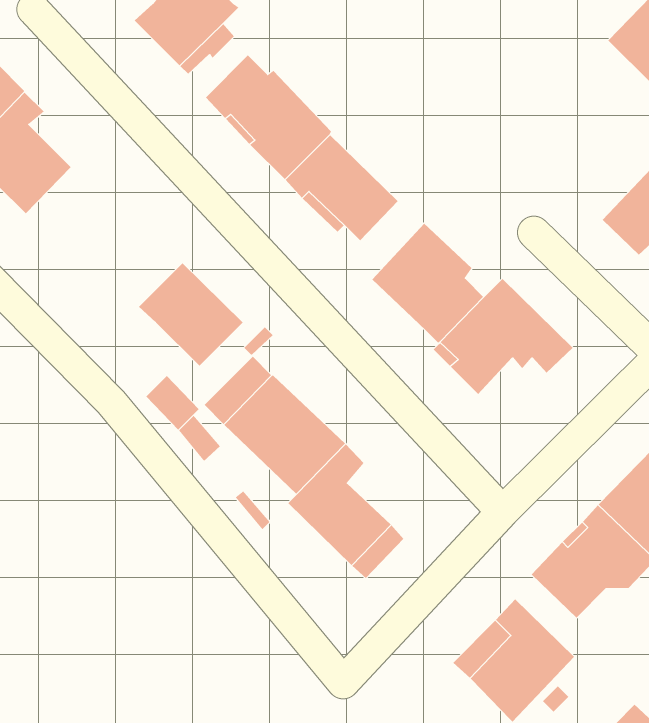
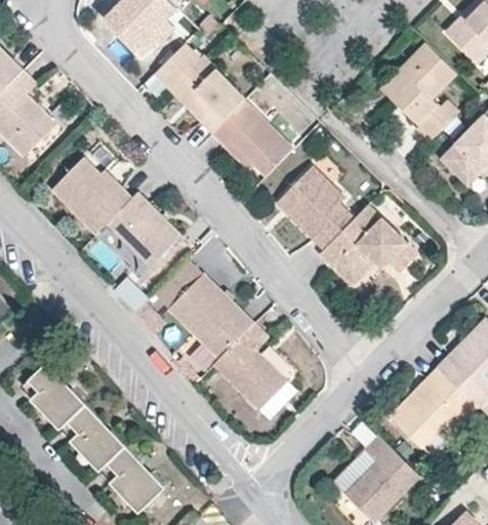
building: none -> [379,42,456,138]
building: none -> [51,156,132,235]
building: none -> [24,362,166,514]

